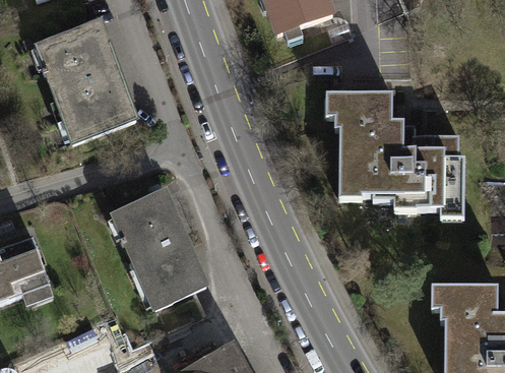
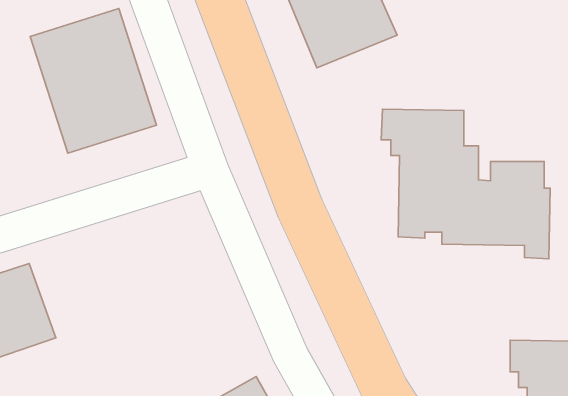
building: [107,179,204,310] -> none

